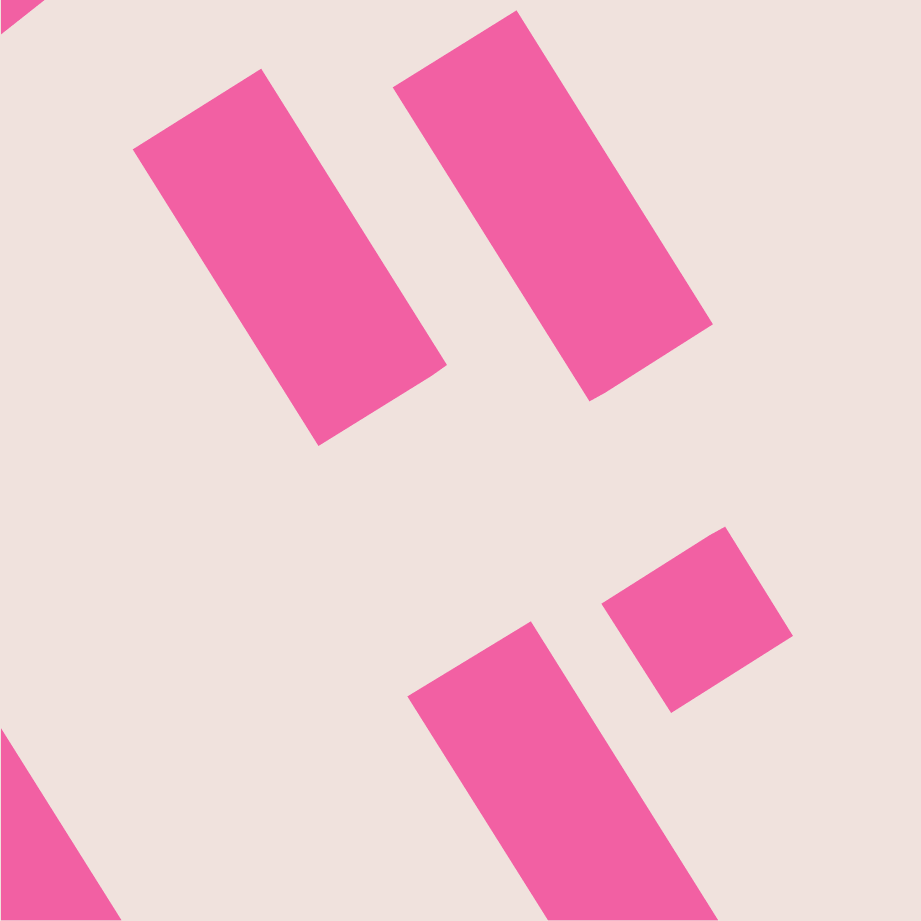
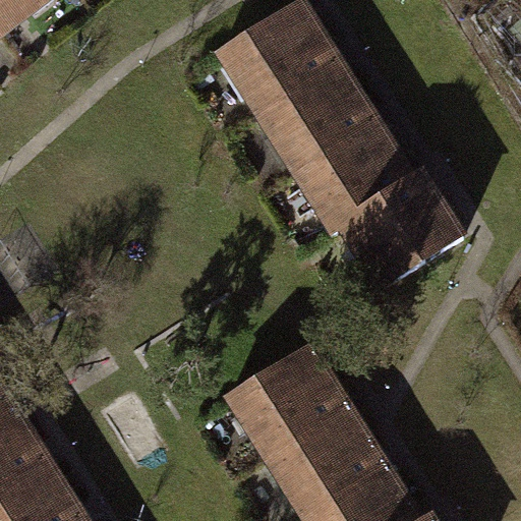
building: [132,67,448,447] -> none
building: [600,525,794,714] -> [343,177,452,283]

